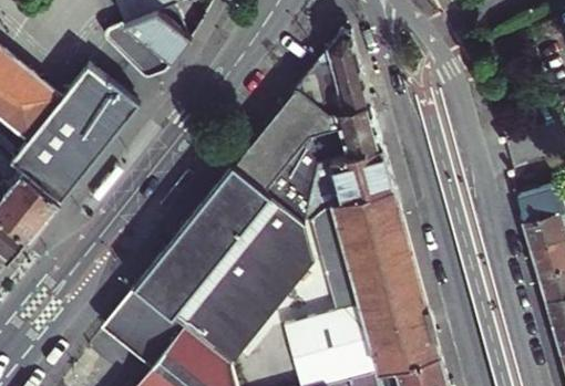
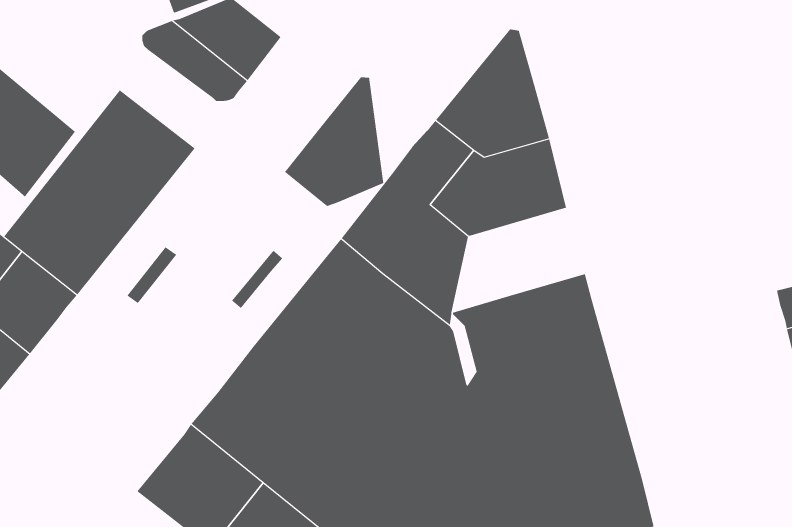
building: none -> [284,76,384,207]
building: [306,147,393,216] -> none

